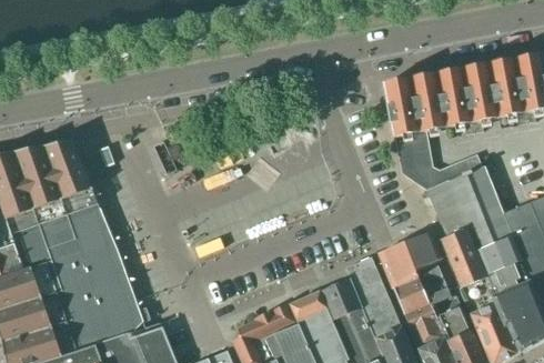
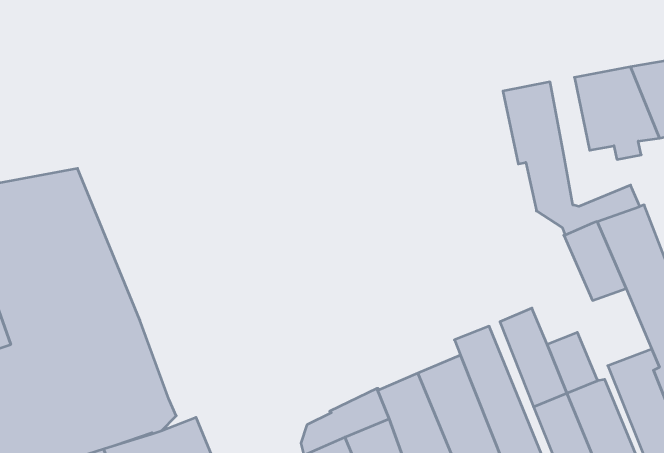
building: [416,73,445,130] -> none
building: [441,228,491,284] -> none
building: [403,231,441,269] -> none

